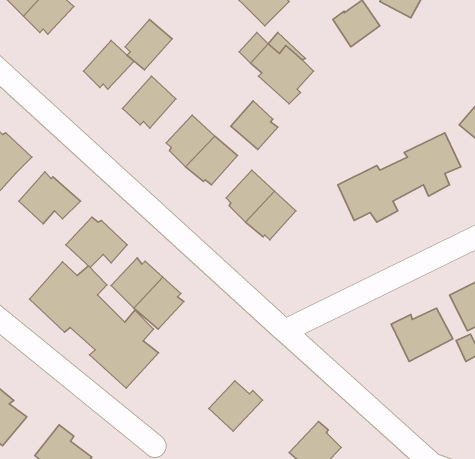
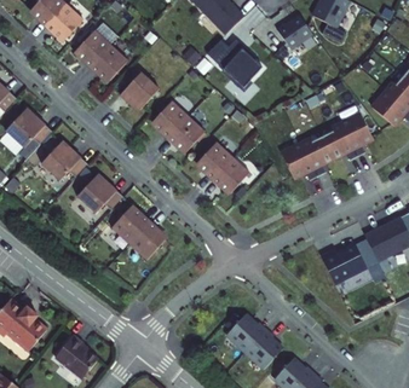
building: [125,19,172,70] -> [75,30,110,68]
building: [231,101,278,149] -> none
building: [29,262,159,388] -> none
building: [209,381,262,431] -> [225,314,265,352]

